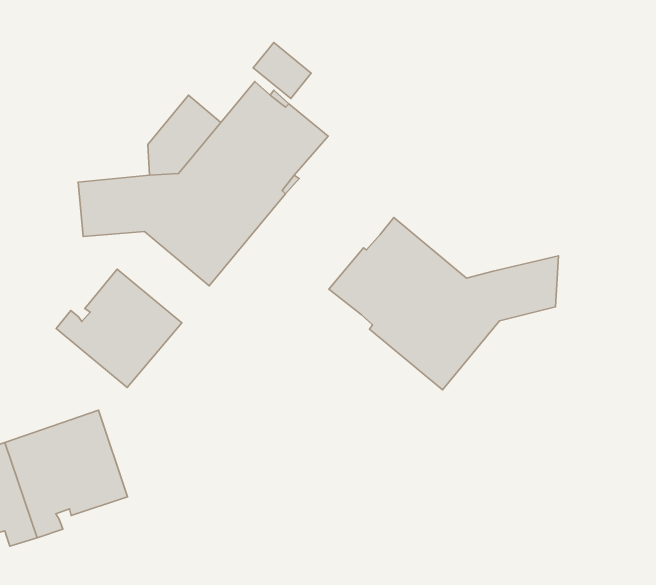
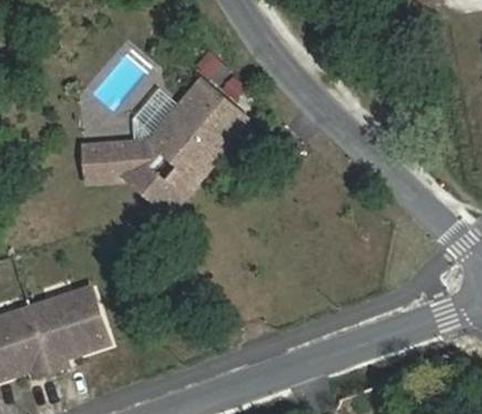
building: [329,217,558,390] -> none
building: [56,269,182,388] -> none

